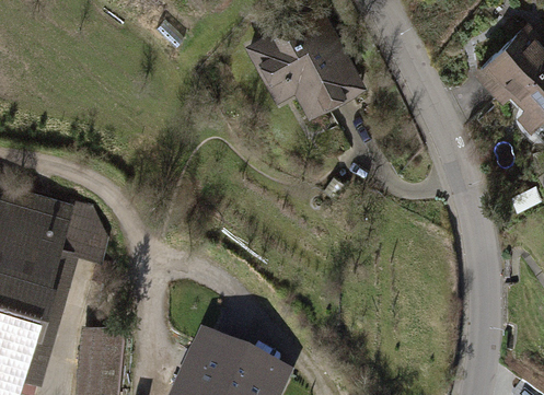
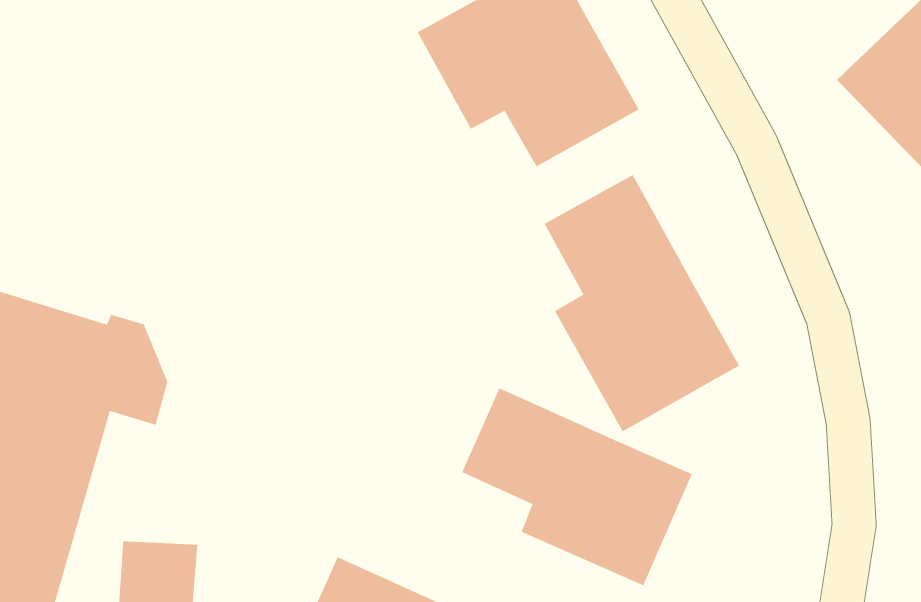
building: none -> [544,174,740,432]
building: none -> [461,388,693,586]

